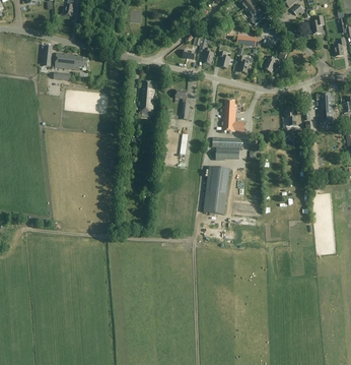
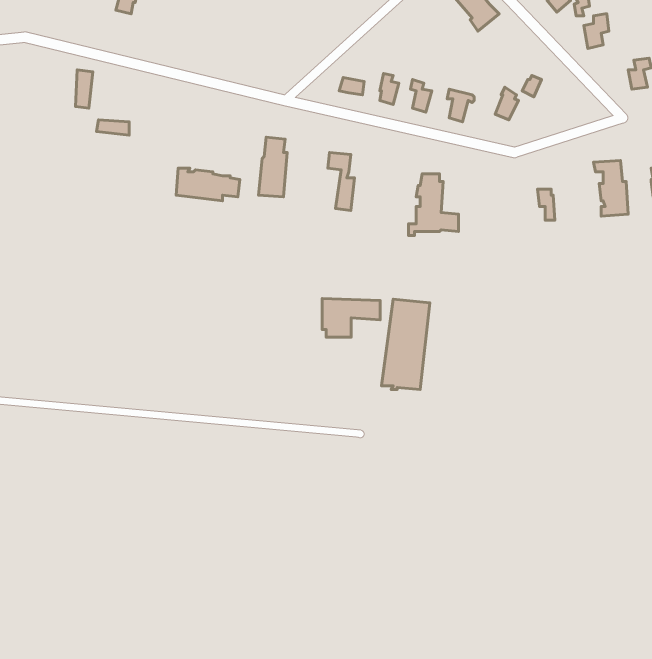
building: [55,53,88,70] -> [176,168,240,201]
building: [212,137,242,158] -> [322,299,380,337]

